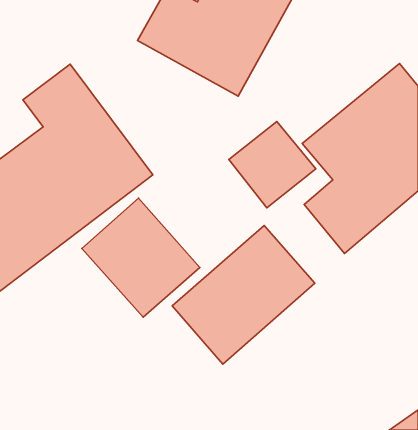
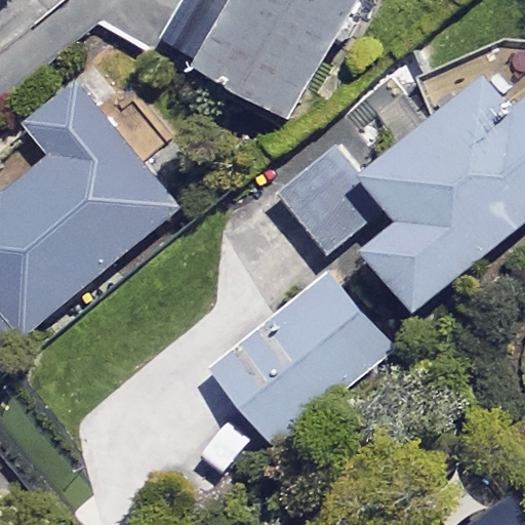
building: [82,198,200,317] -> none

